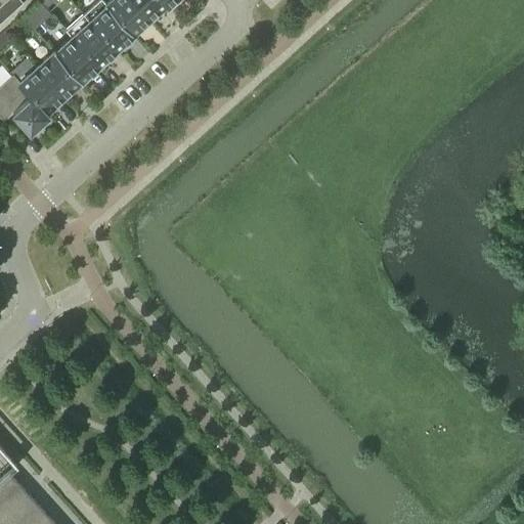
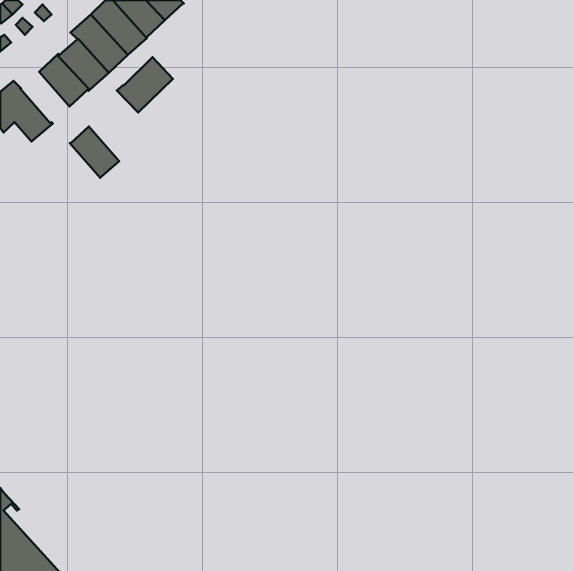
building: none -> [117,57,173,112]
building: [18,68,63,115] -> [70,126,119,178]

